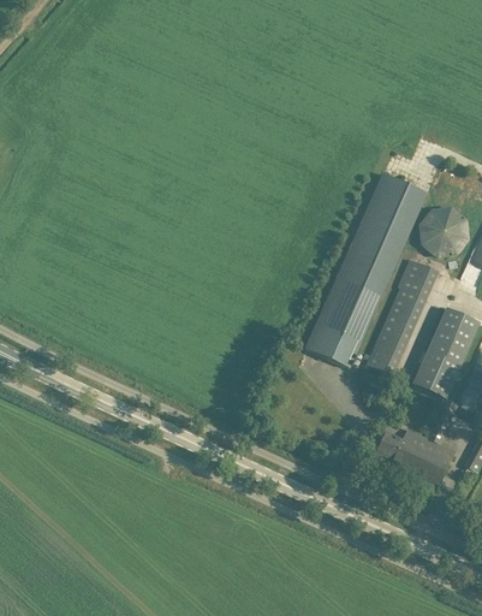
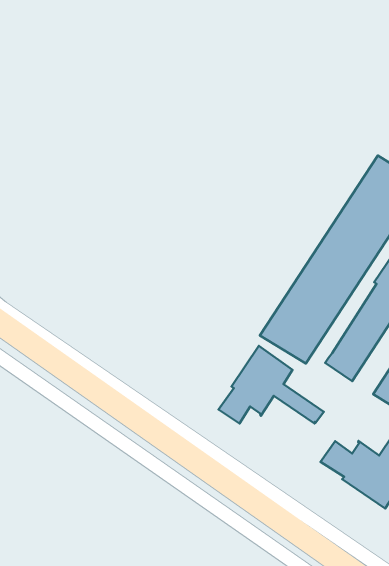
building: none -> [219,346,324,424]

